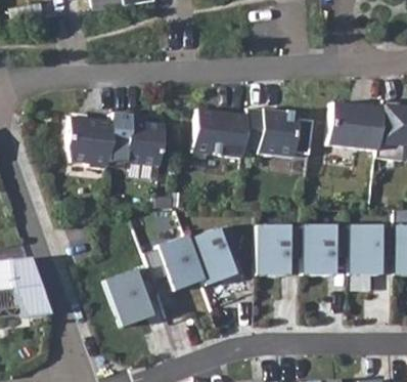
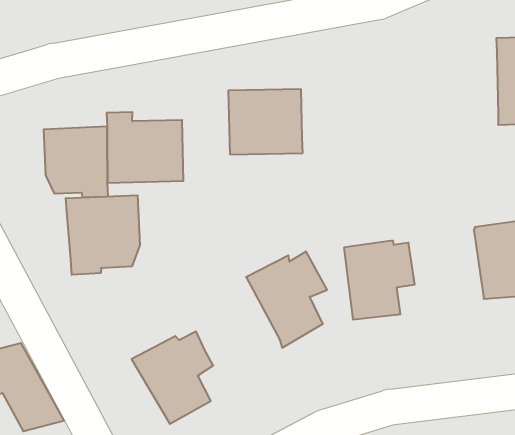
building: [326,103,381,152] -> none
building: [242,109,313,156] -> none
building: none -> [66,195,140,275]
building: [303,224,349,275] -> none
building: [147,237,208,293] -> none

